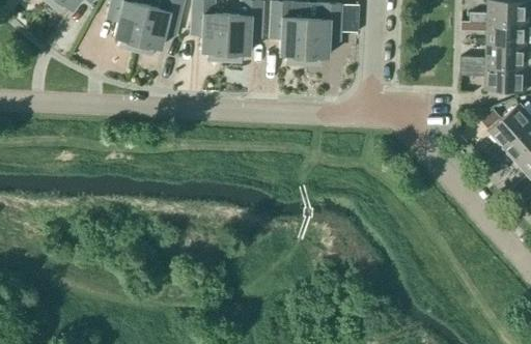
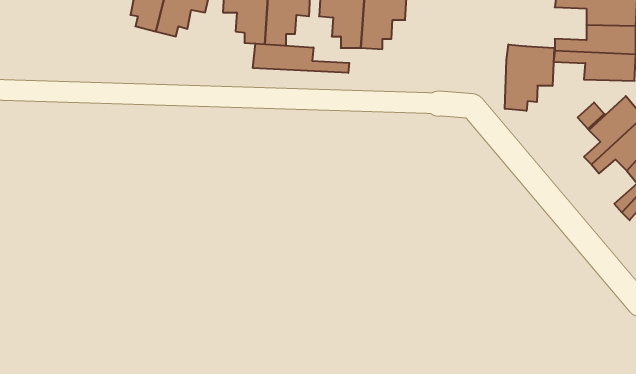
building: none -> [253,43,349,73]
building: none -> [505,44,554,111]

